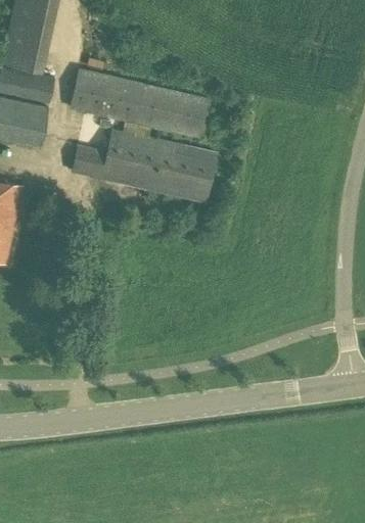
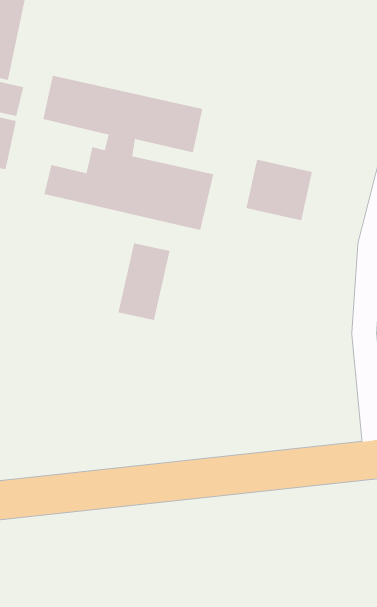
building: none -> [245,159,313,221]
building: none -> [118,243,170,321]

